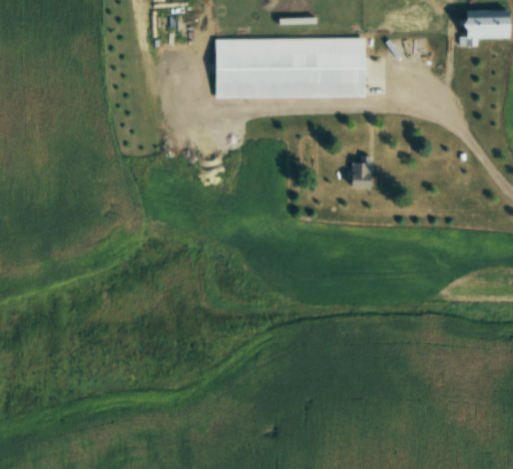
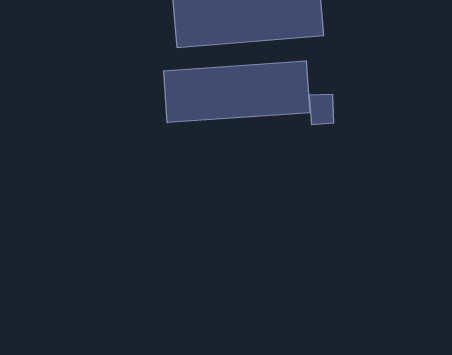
building: none -> [164,61,310,123]

